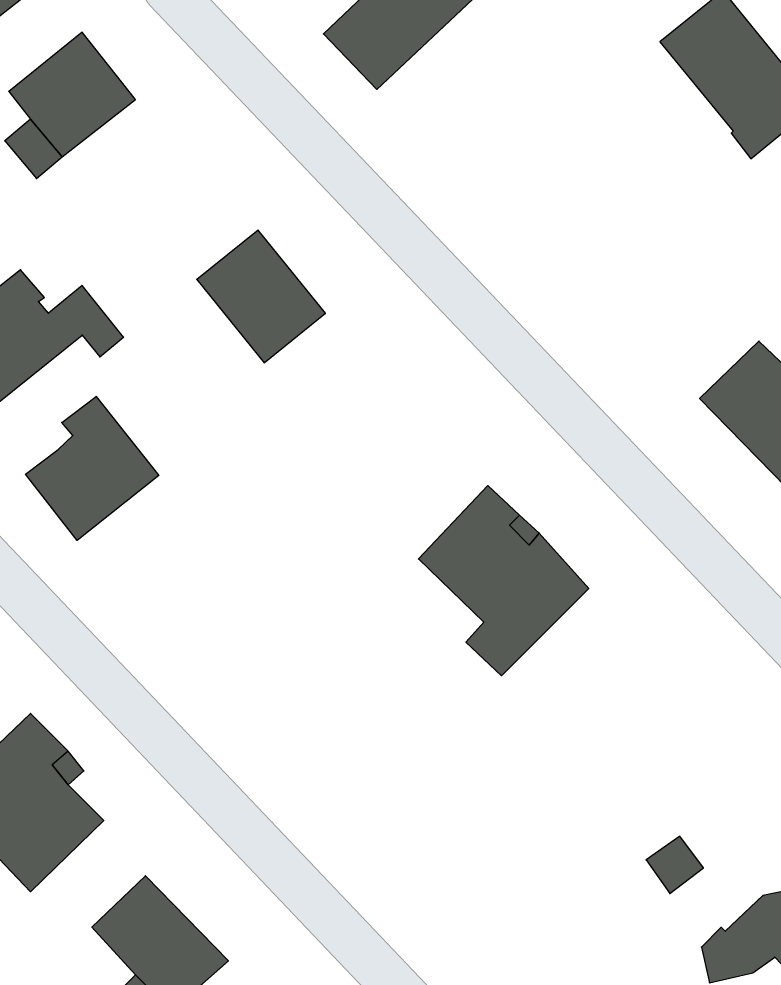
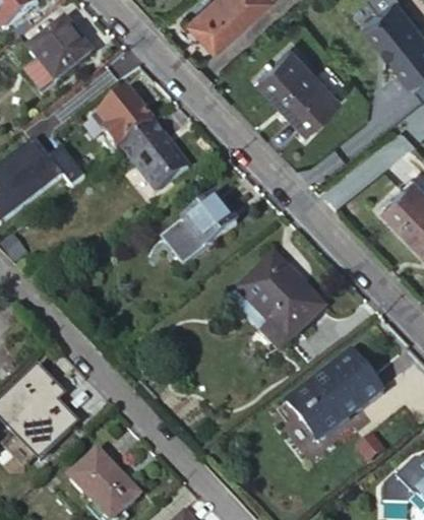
building: none -> [256,46,336,125]
building: none -> [89,87,154,149]
building: none -> [162,196,234,263]
building: [26,396,159,540] -> none
building: none -> [286,350,381,441]

